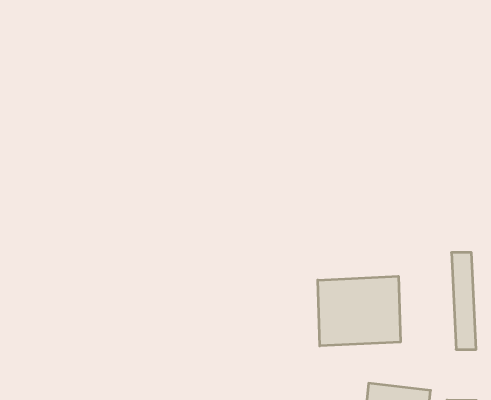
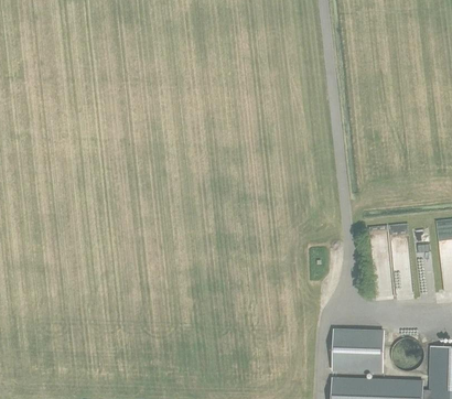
building: [318,276,400,346] -> none

